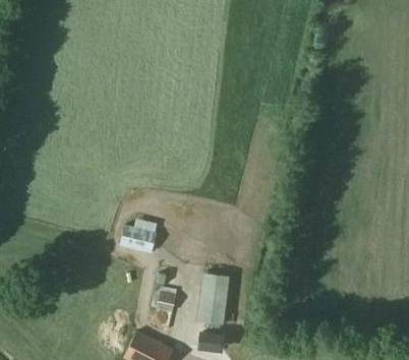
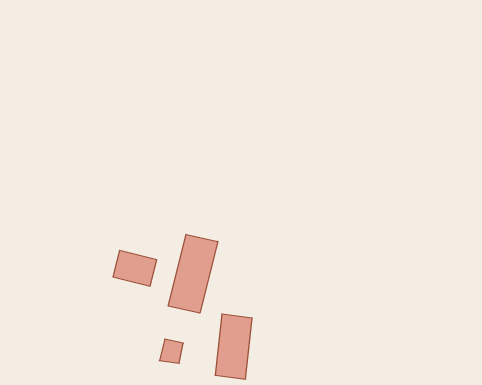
building: none -> [168,234,218,313]

